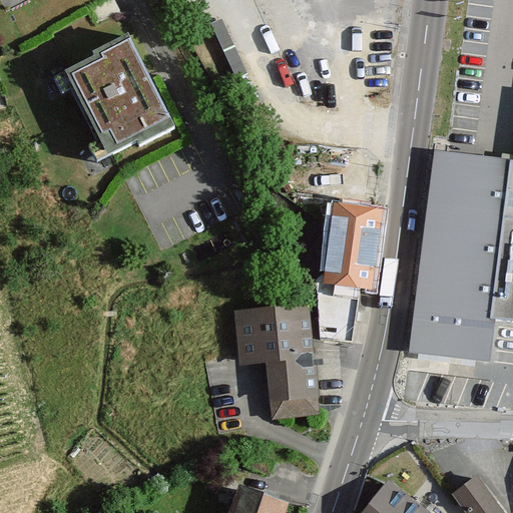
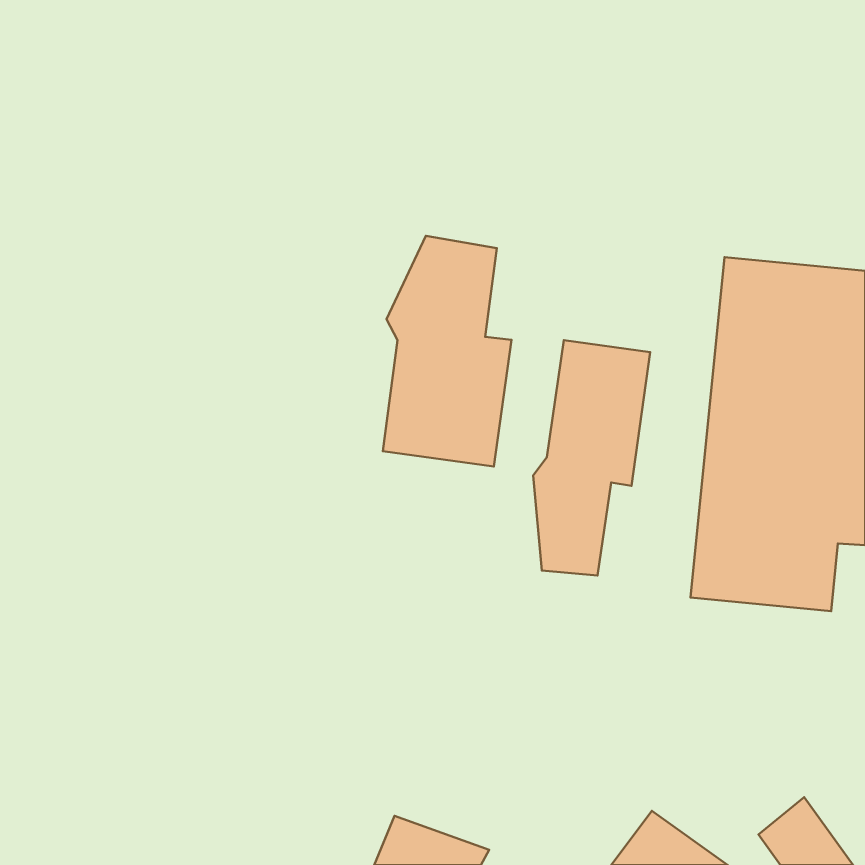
building: [54,39,173,164] -> none
building: none -> [383,236,511,467]
building: [235,306,317,415] -> none

